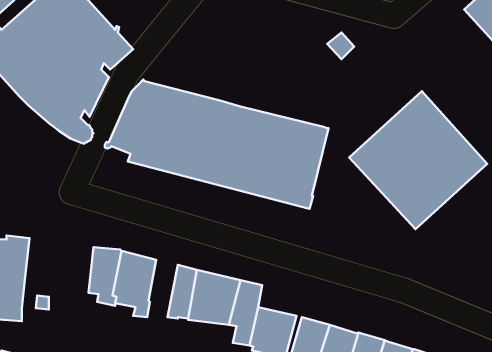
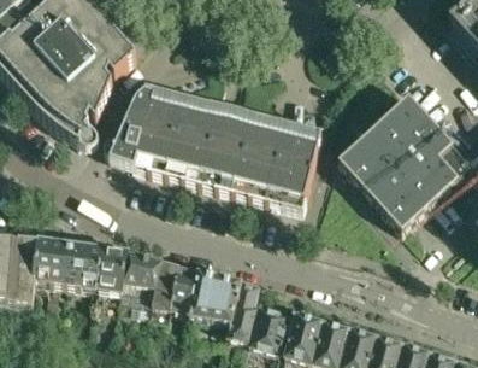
building: none -> [31,238,96,290]
building: none -> [146,258,176,320]

